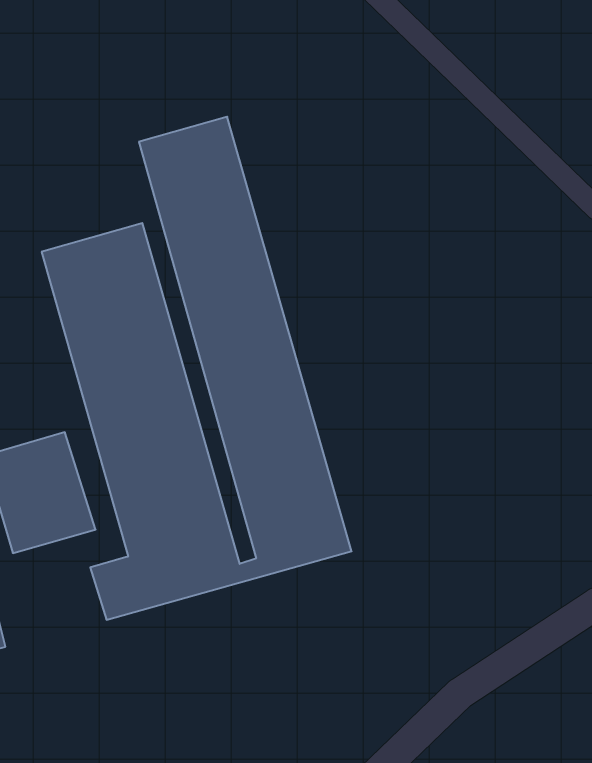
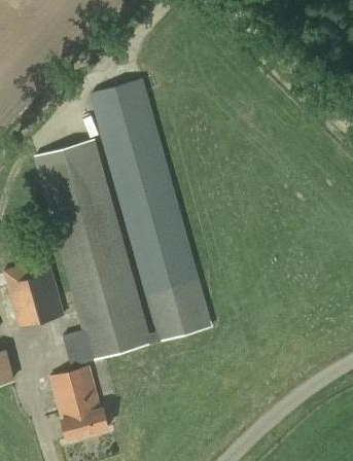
building: none -> [48,366,109,439]

